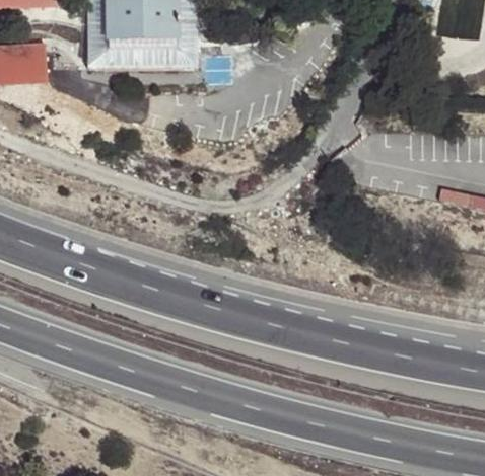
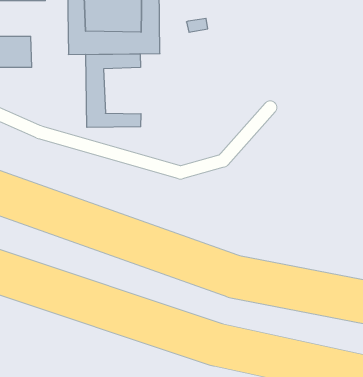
building: none -> [86,54,141,127]

